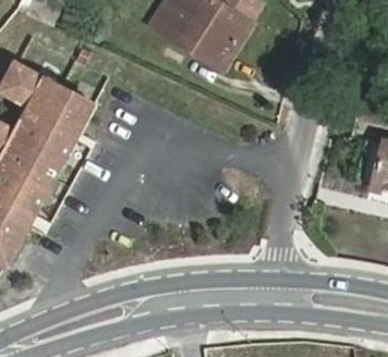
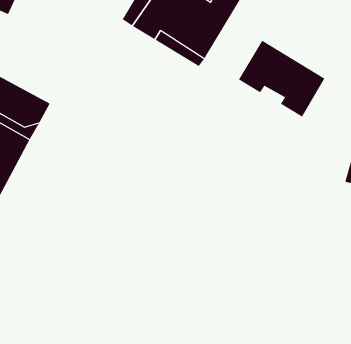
building: none -> [238,40,325,118]

